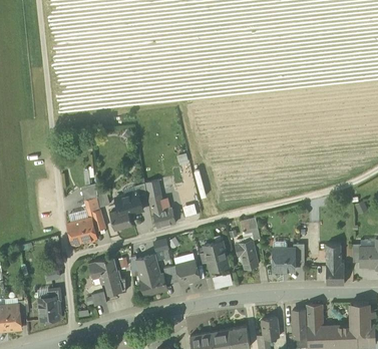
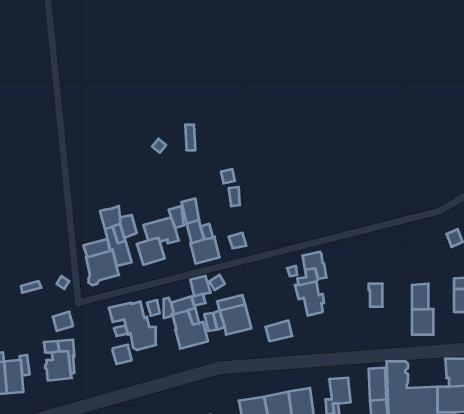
building: [204,242,228,272] -> none
building: [271,250,294,272] -> none

